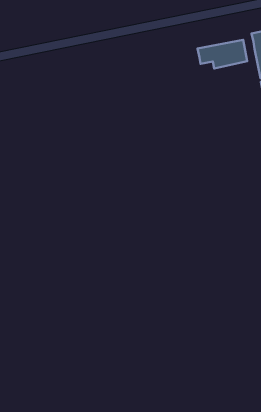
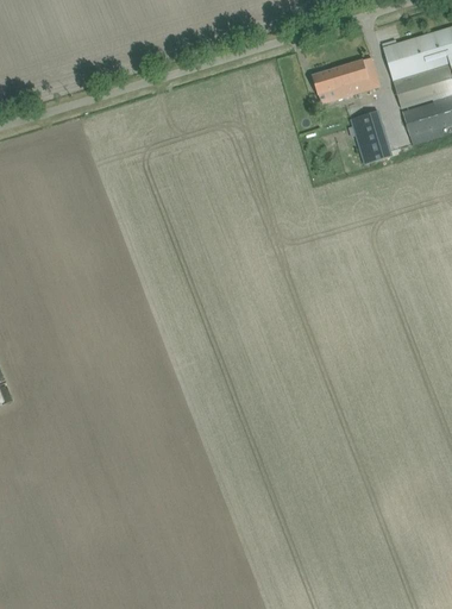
building: none -> [349,111,390,164]

